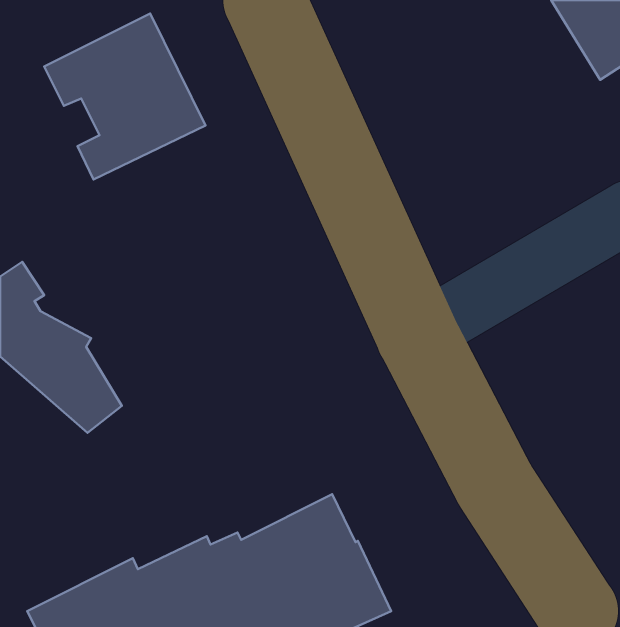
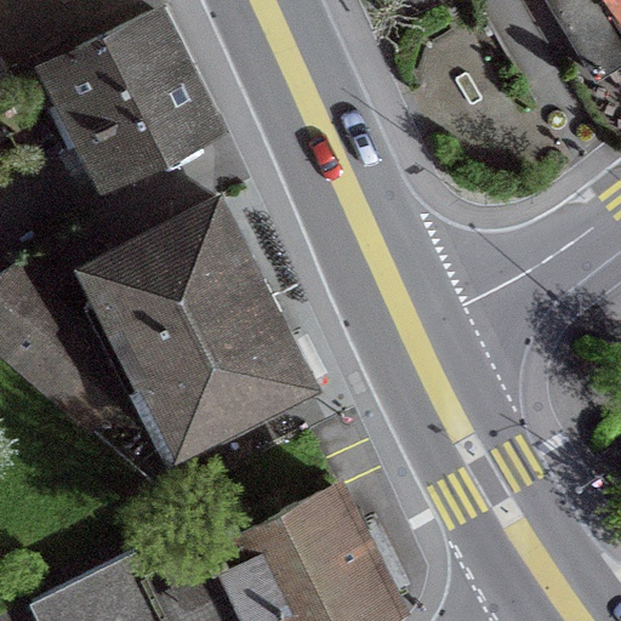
building: none -> [97,201,315,458]

